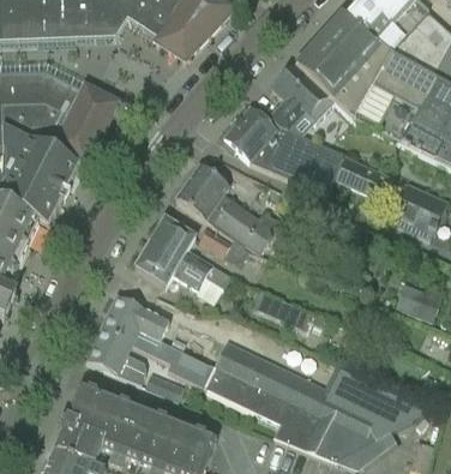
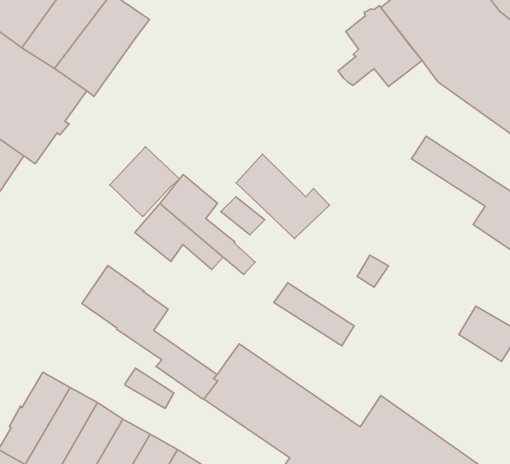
building: [223,107,342,193] -> none
building: [175,164,228,218] -> [110,147,180,217]
building: [85,329,145,384] -> none

